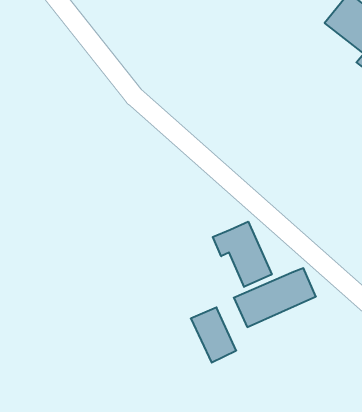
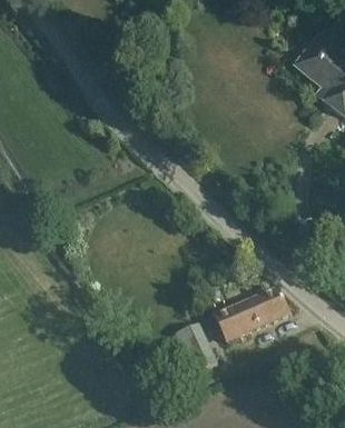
building: [213,222,272,287] -> none

